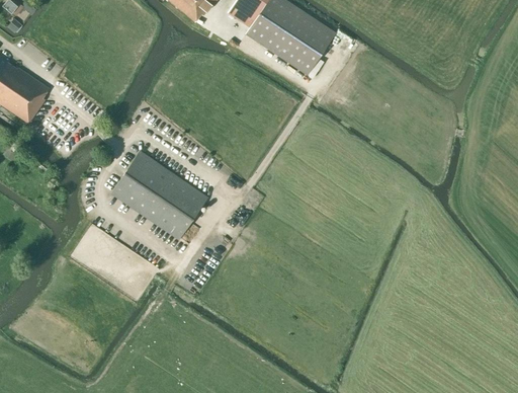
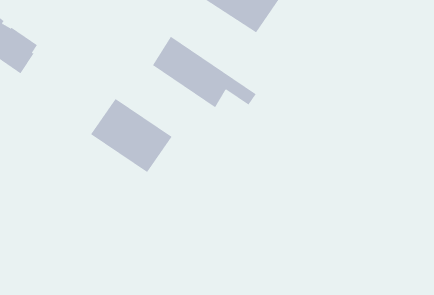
building: none -> [152,36,256,108]

